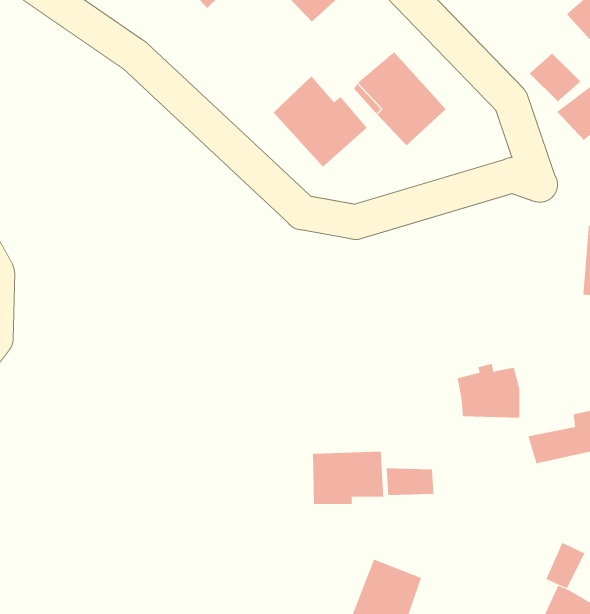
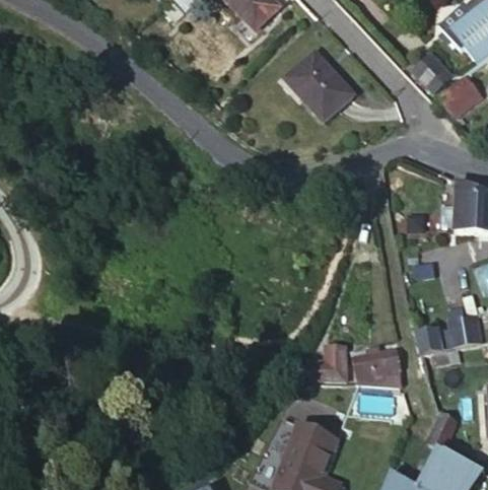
building: [273,76,367,167] -> none
building: [457,363,520,418] -> [353,345,400,386]
building: [313,451,384,505] -> none

